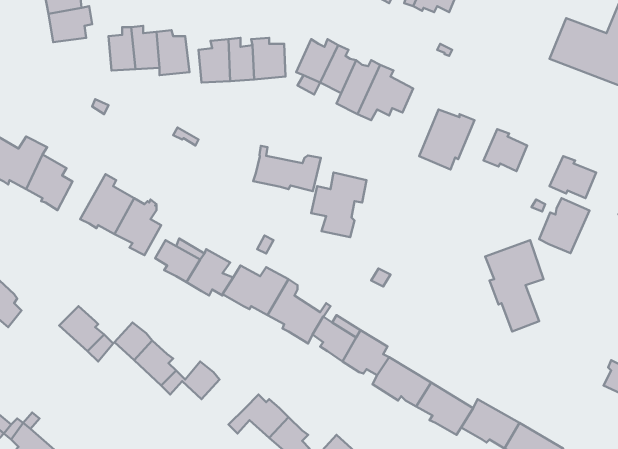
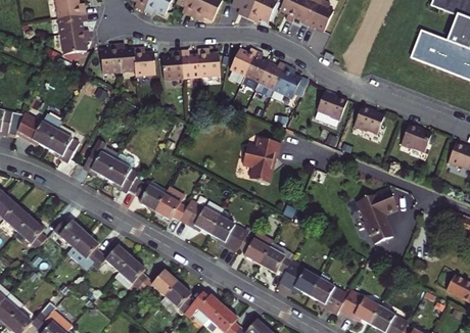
building: [253,146,321,191] -> none
building: [539,198,590,253] -> none
building: none -> [49,215,82,243]
building: none -> [166,280,195,311]

